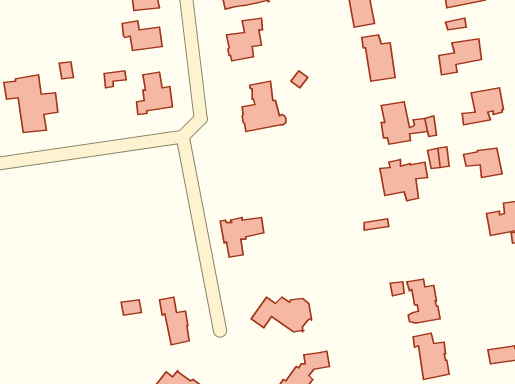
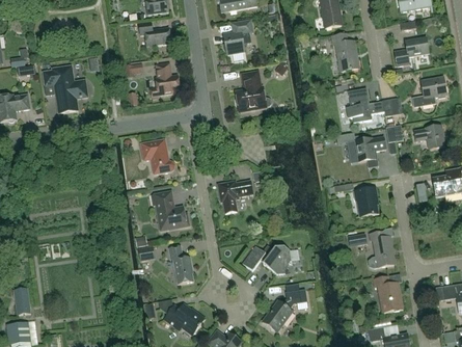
building: none -> [140,139,173,172]
building: none -> [353,186,378,215]
building: none -> [152,191,190,230]

